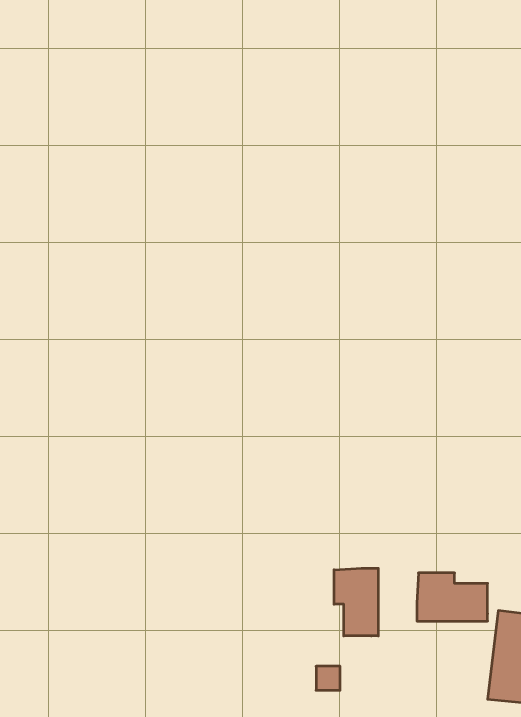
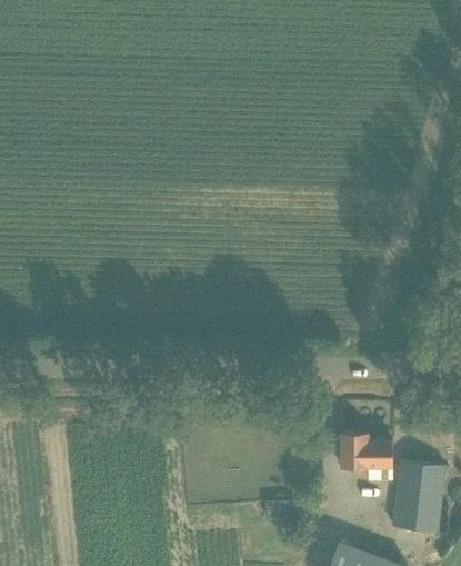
building: [334,568,378,636] -> none

